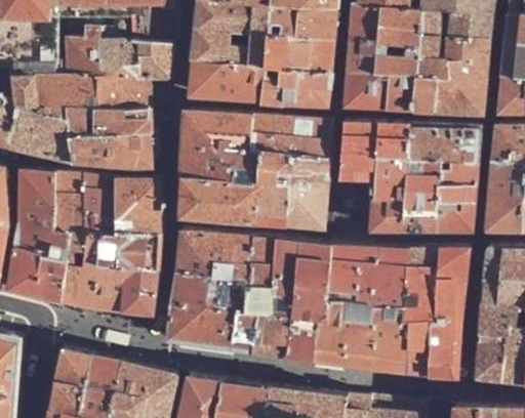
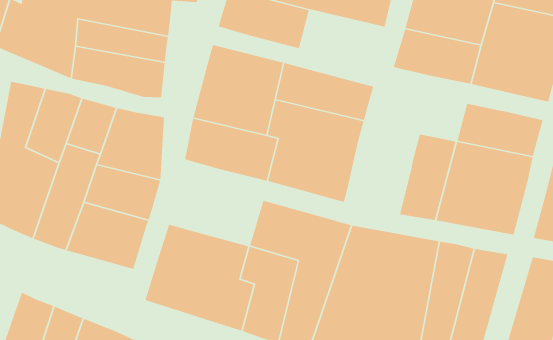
building: [261,70,331,107] -> none
building: [339,124,411,181] -> none
building: [175,232,252,279] -> none

